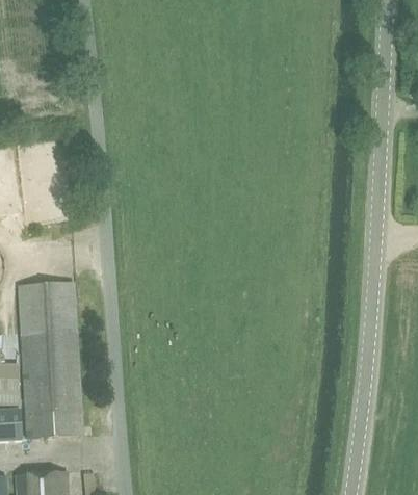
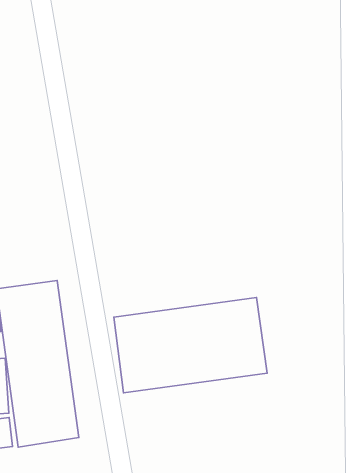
building: none -> [114,297,267,393]

